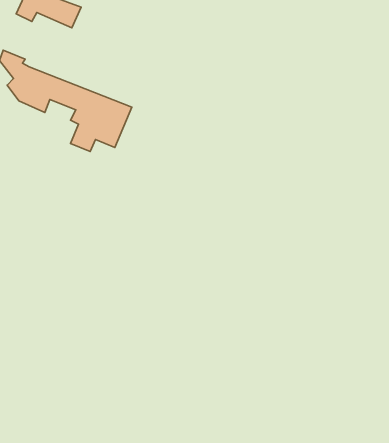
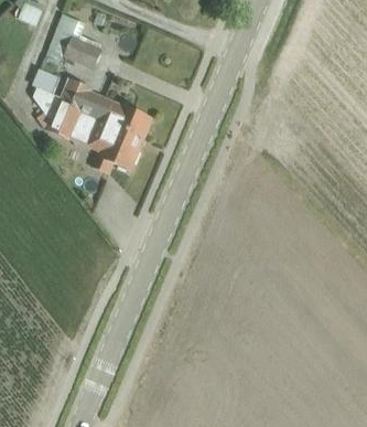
building: none -> [56,76,150,134]

